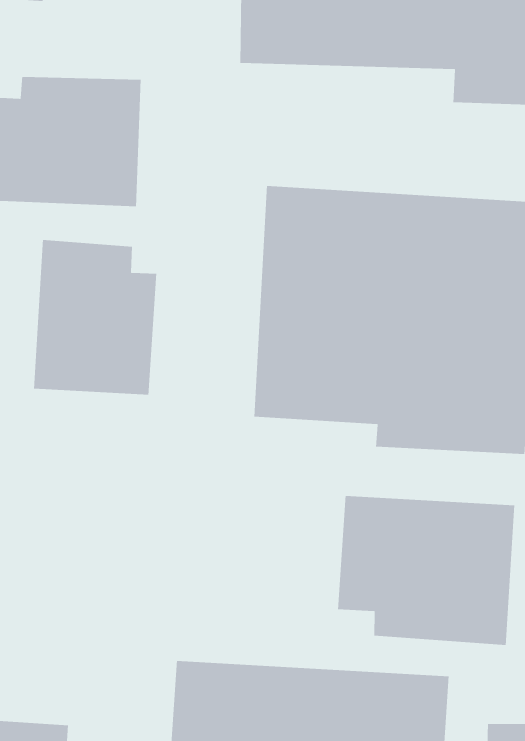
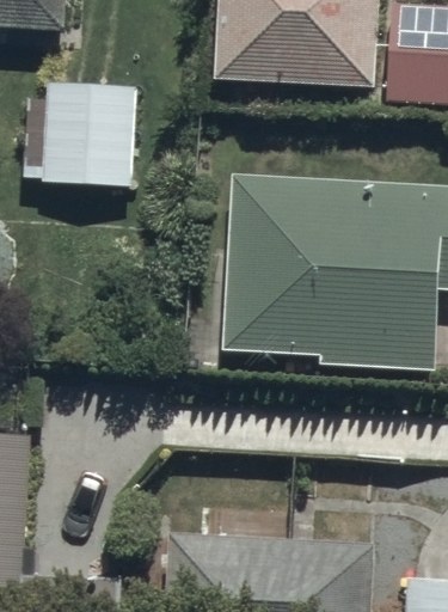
building: [33,239,157,395] -> none
building: [337,495,515,646] -> none

